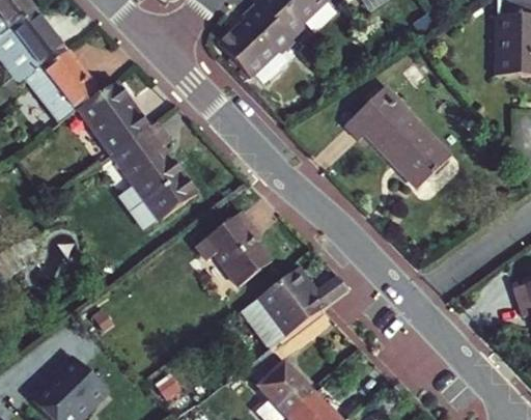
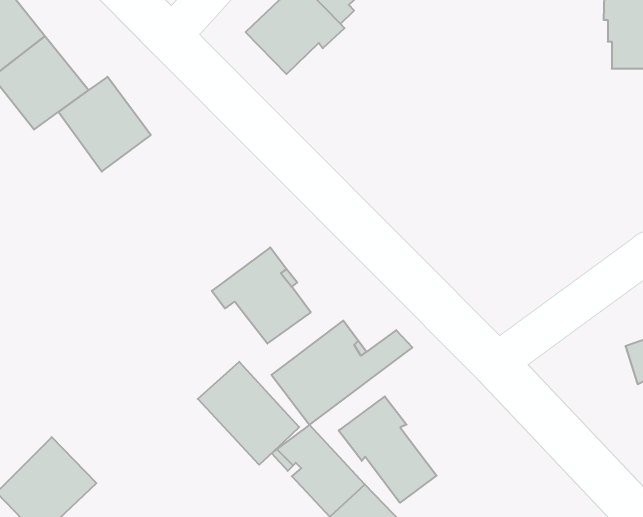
building: [344,87,450,188] -> none
building: [112,120,197,228] -> none
building: none -> [198,362,299,465]
building: none -> [339,396,437,503]

